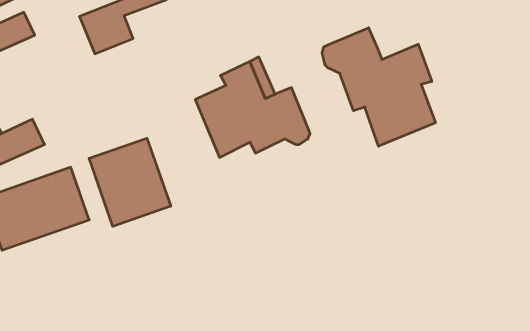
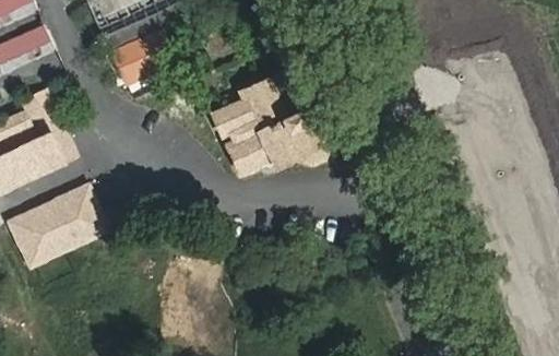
building: [322,28,435,146] -> none
building: [89,138,171,226] -> none

